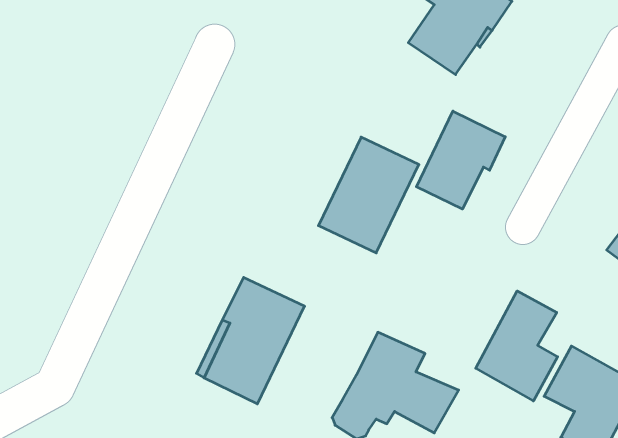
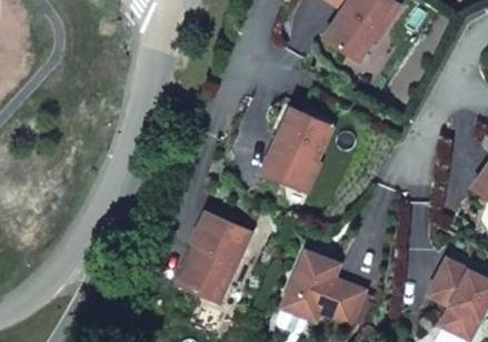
building: [416,111,505,209] -> none
building: [476,291,558,401] -> none

